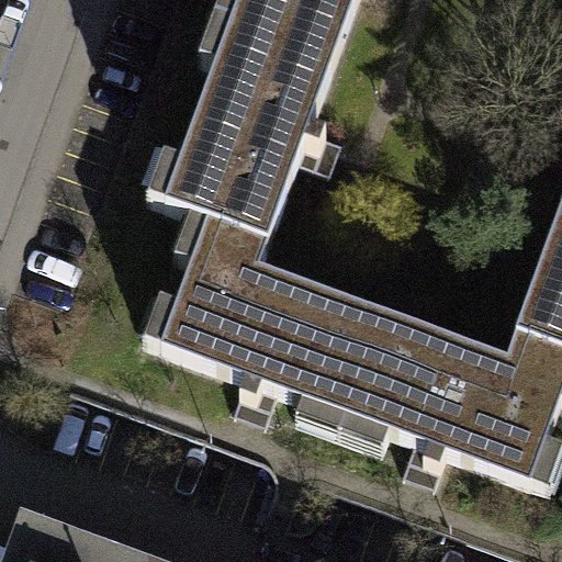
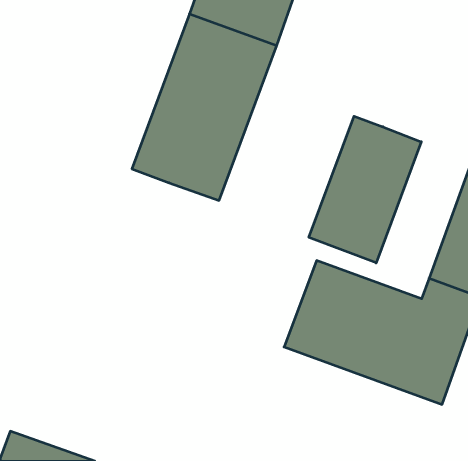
building: none -> [309,116,421,263]
building: [160,216,382,411] -> none

